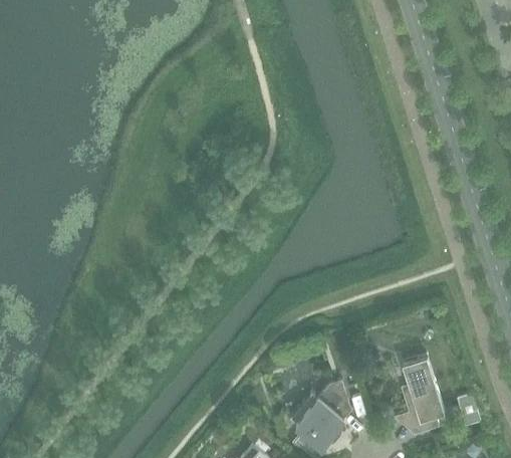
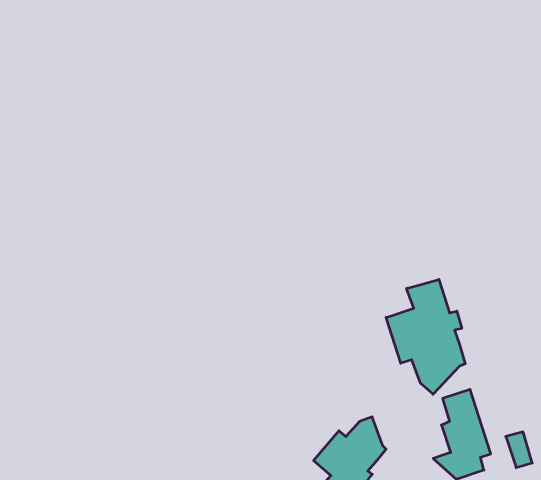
building: none -> [386,279,465,394]

